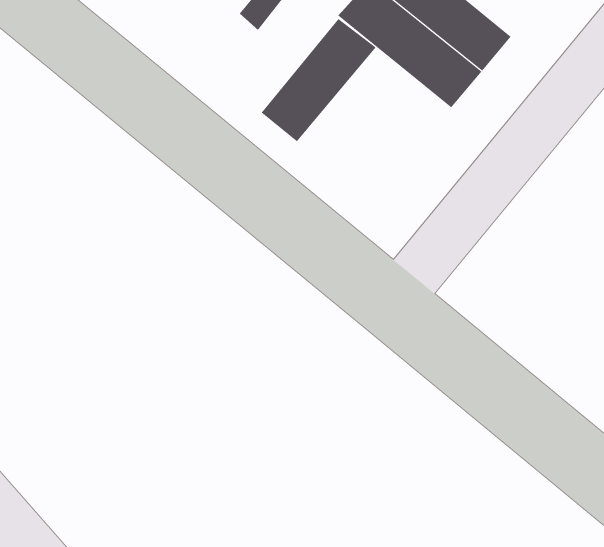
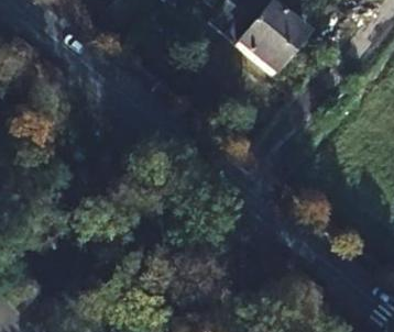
building: [261,18,376,142] -> none

